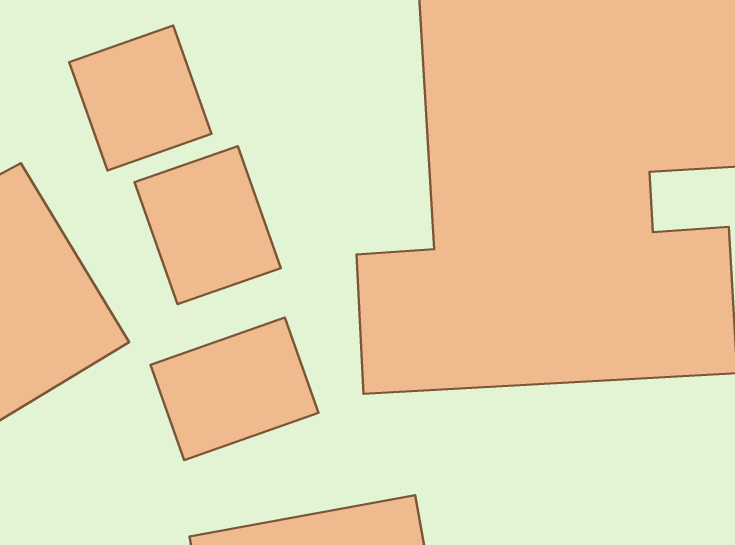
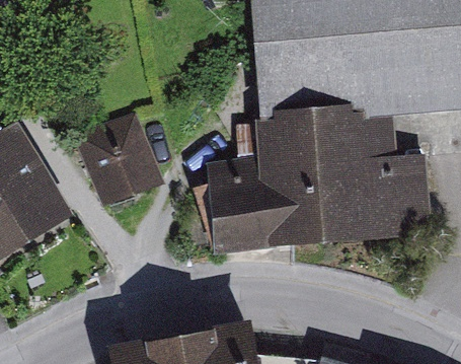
building: [69,25,212,170] -> none
building: [151,317,318,460] -> none

